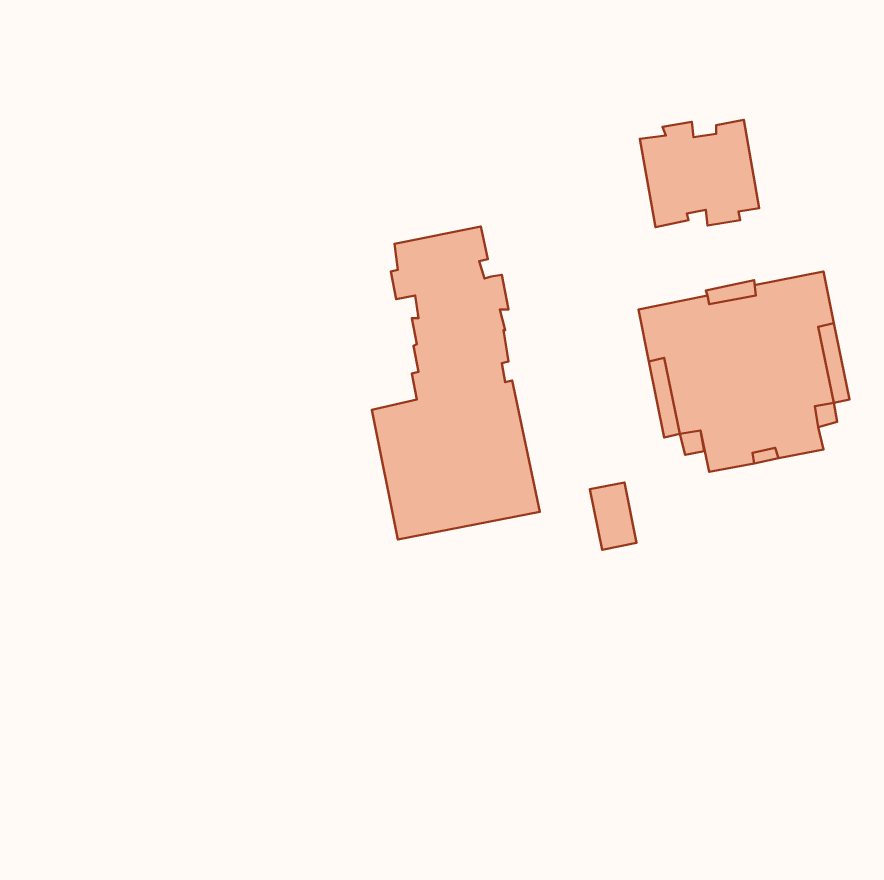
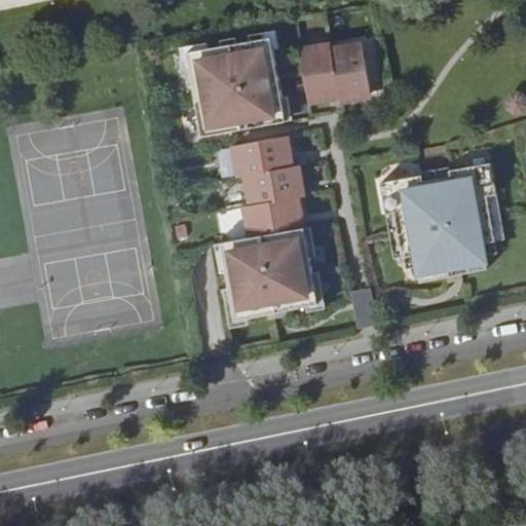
building: none -> [188,35,288,134]
building: [640,120,759,227] -> [301,39,372,103]

